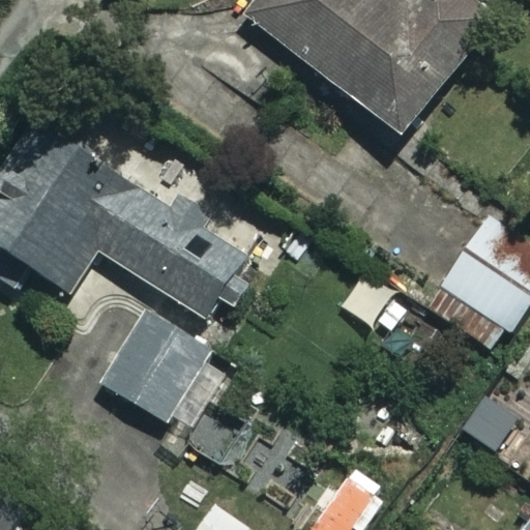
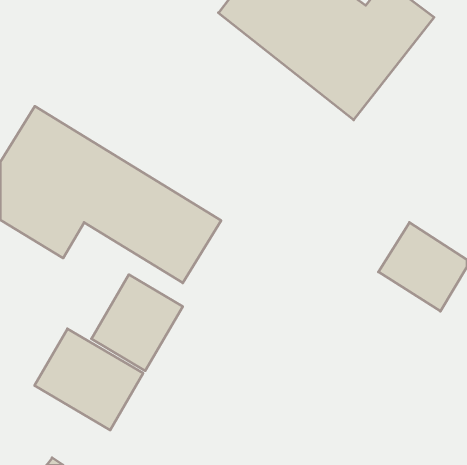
building: none -> [35,329,143,430]

